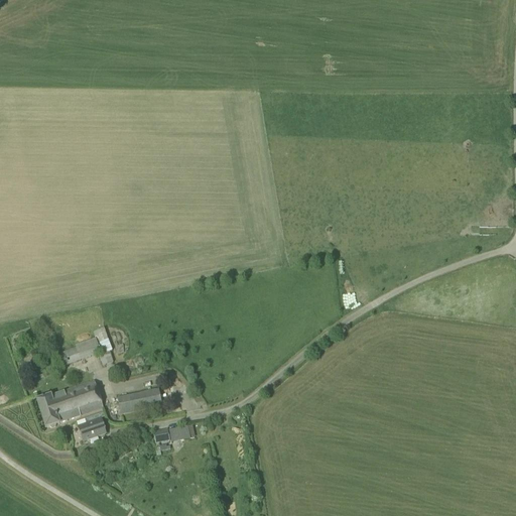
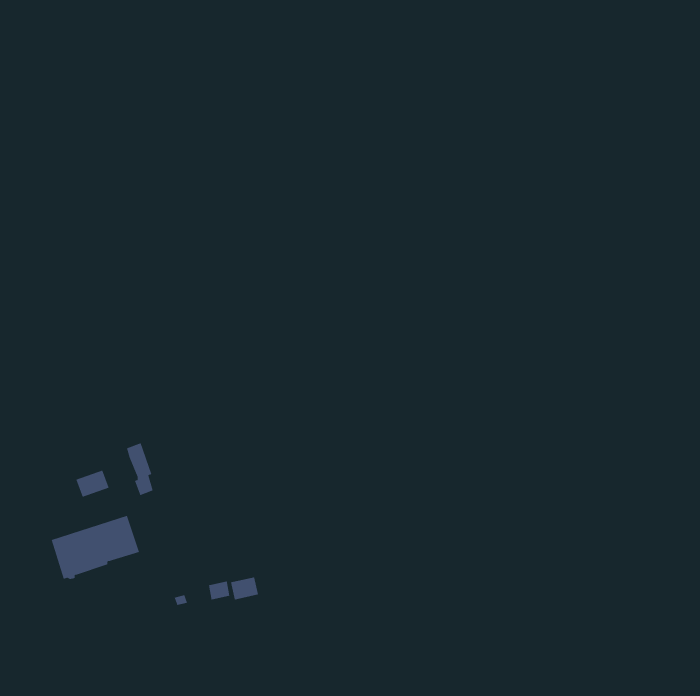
building: [117,387,162,412] -> none
building: [78,417,106,440] -> none

